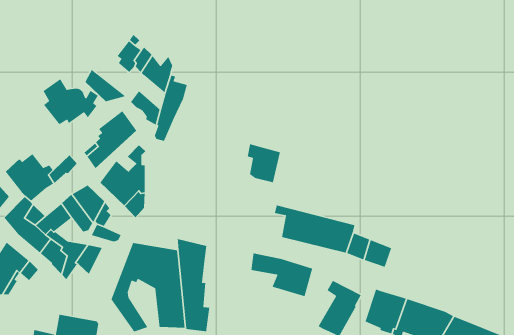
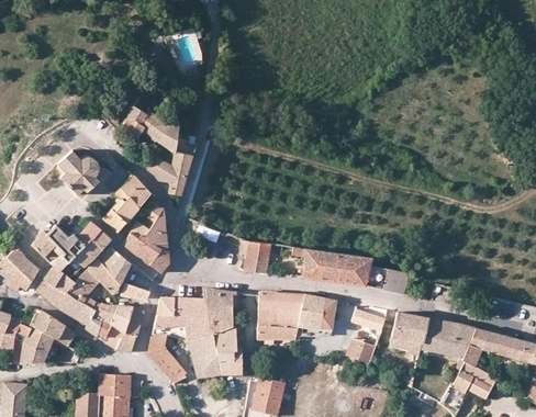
building: [84,69,126,102] -> none
building: [247,143,281,183] -> [238,238,270,273]
building: none -> [72,229,110,268]
building: none -> [102,306,144,352]
building: none -> [257,292,301,340]

